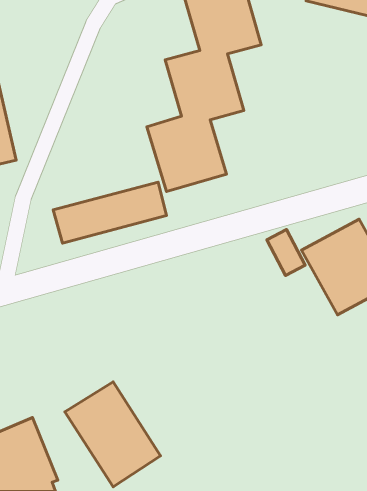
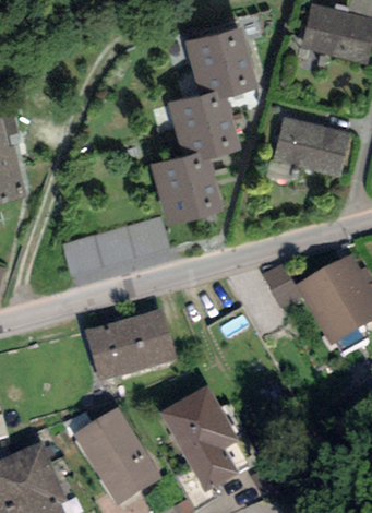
building: none -> [272,117,350,177]
building: none -> [84,308,177,381]
building: none -> [158,385,249,493]

